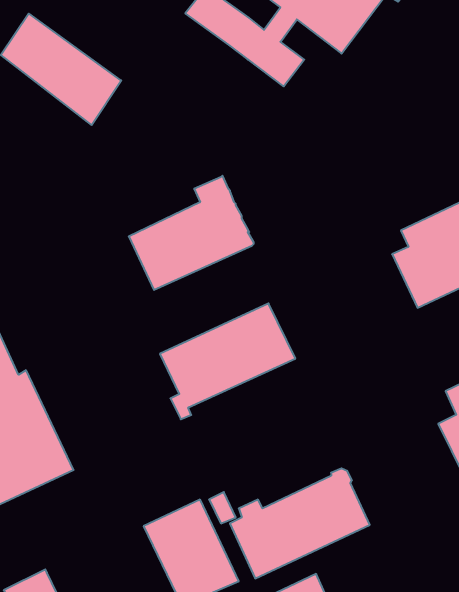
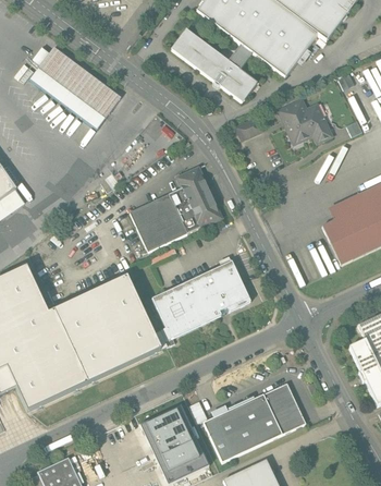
building: none -> [278,99,331,142]
building: none -> [53,276,167,382]

